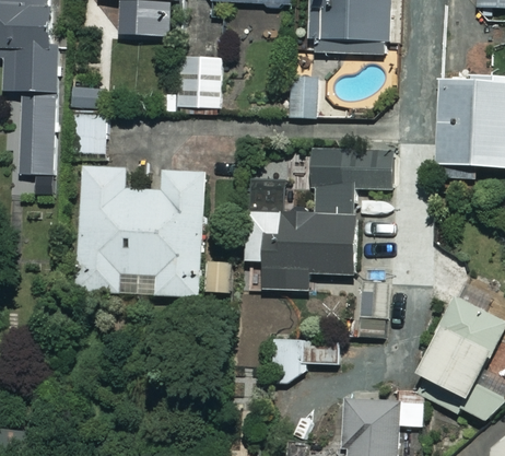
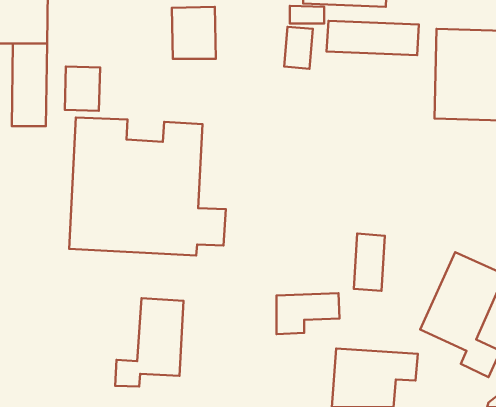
building: none -> [327,21,419,55]
building: [240,150,394,294] -> none
building: none -> [115,298,183,386]

